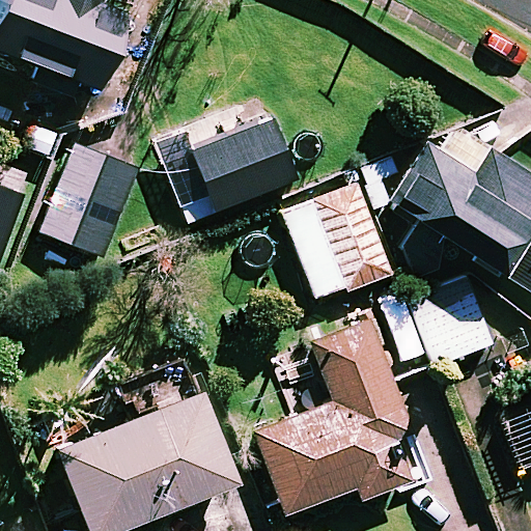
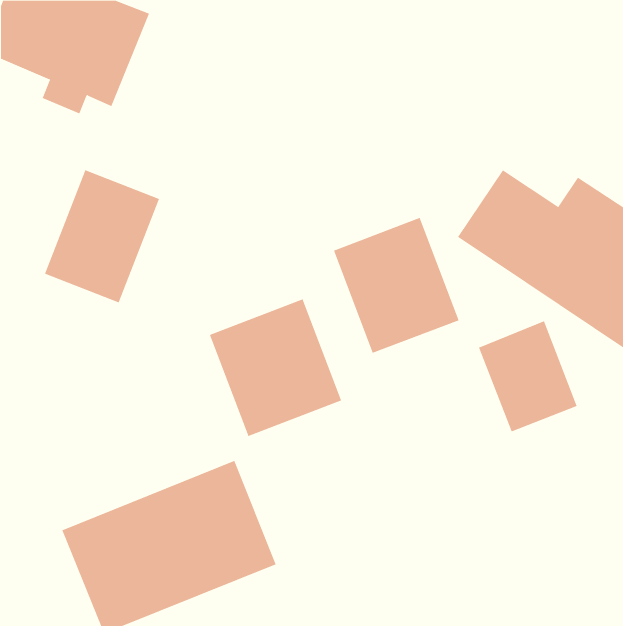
building: [157,115,296,223] -> none
building: none -> [209,298,342,437]
building: [256,318,414,512] -> none

